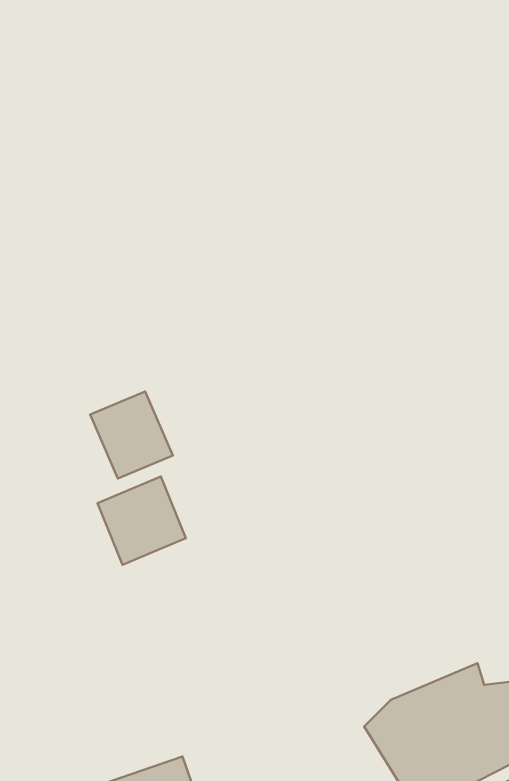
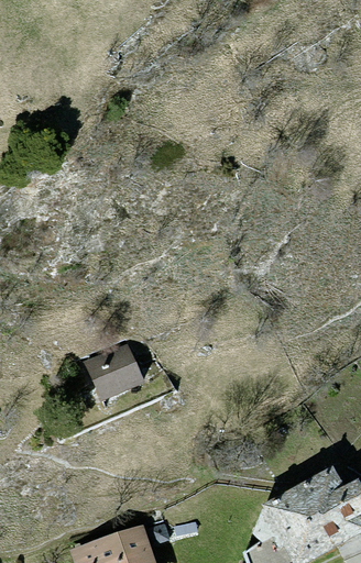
building: [90,392,173,479] -> none

